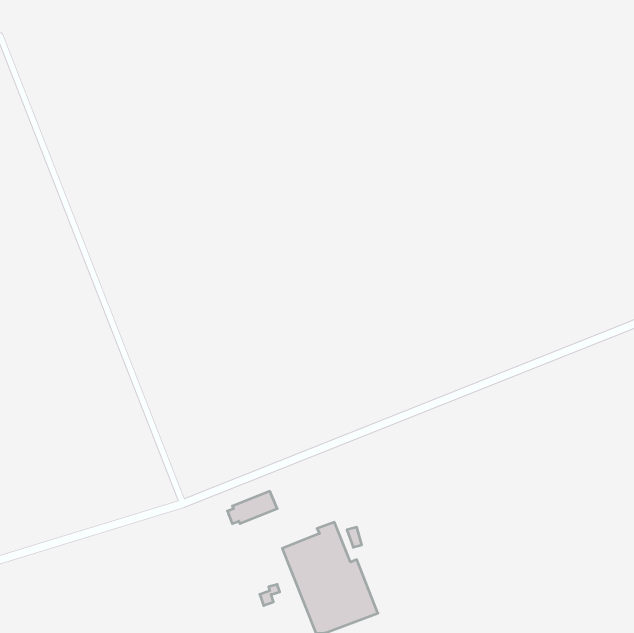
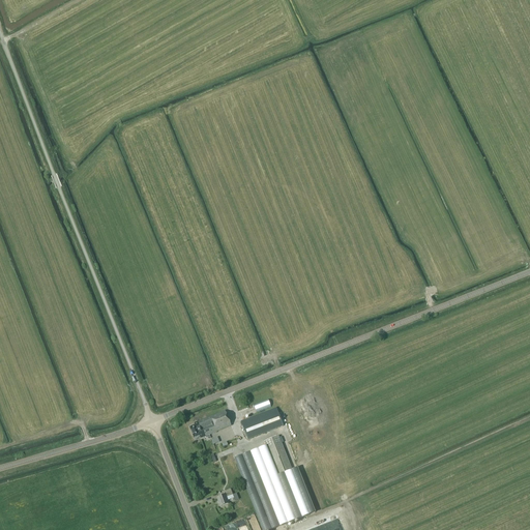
building: none -> [241,406,284,438]

